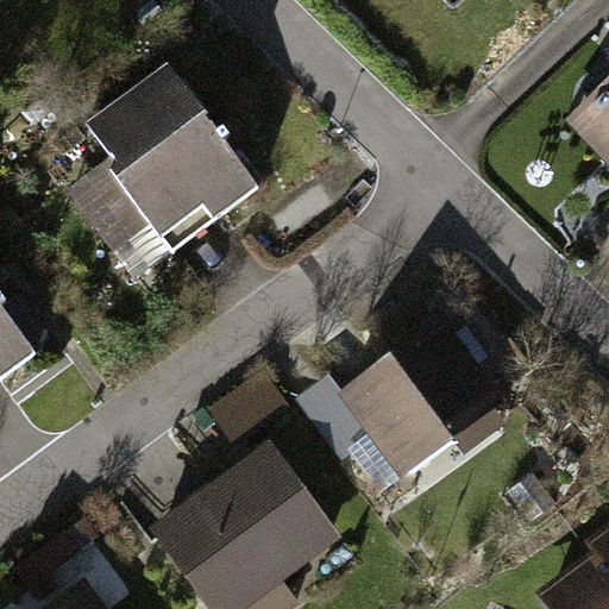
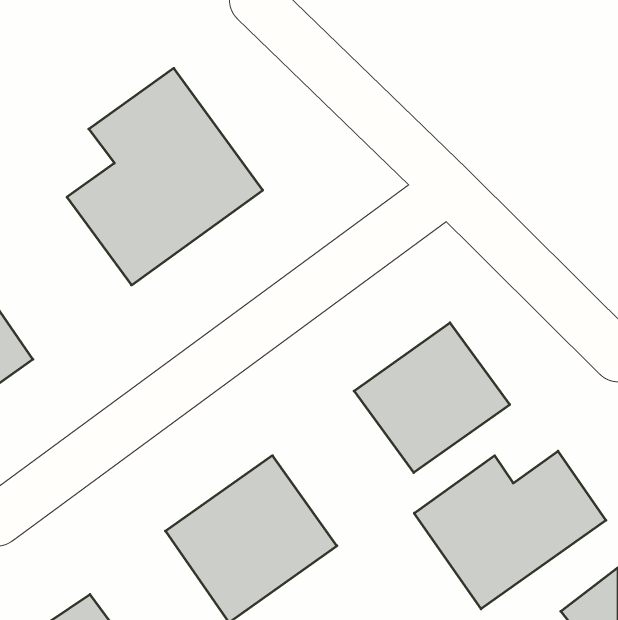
building: none -> [414,451,606,609]

